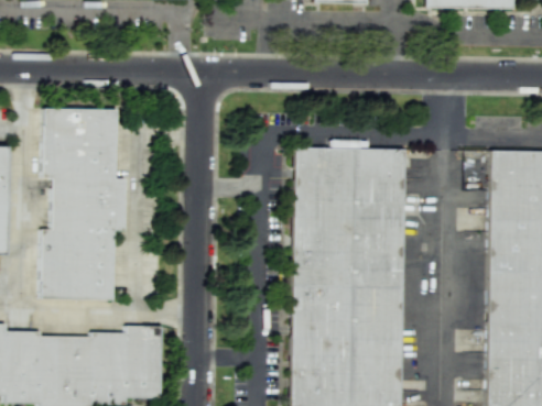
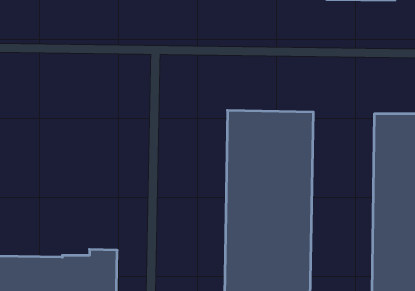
building: [40,108,123,299] -> none

